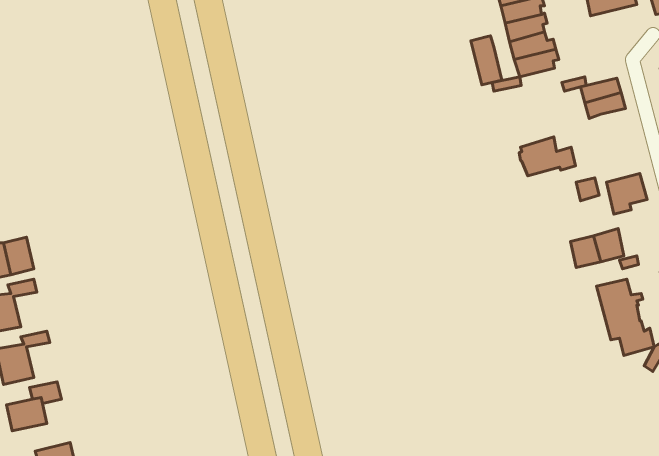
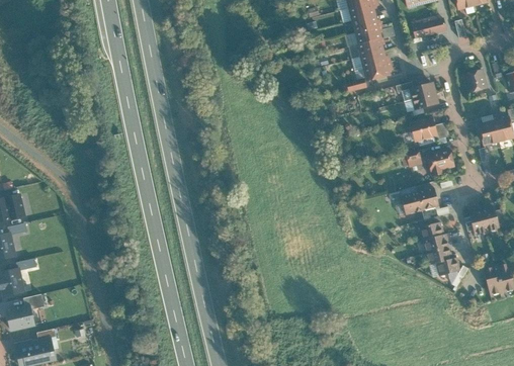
building: [471,36,502,85] -> none
building: [519,137,575,176] -> [408,116,447,144]

